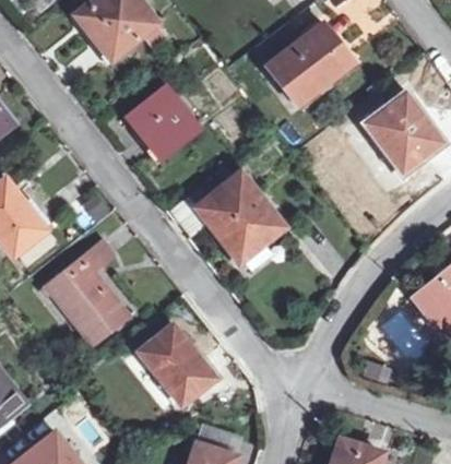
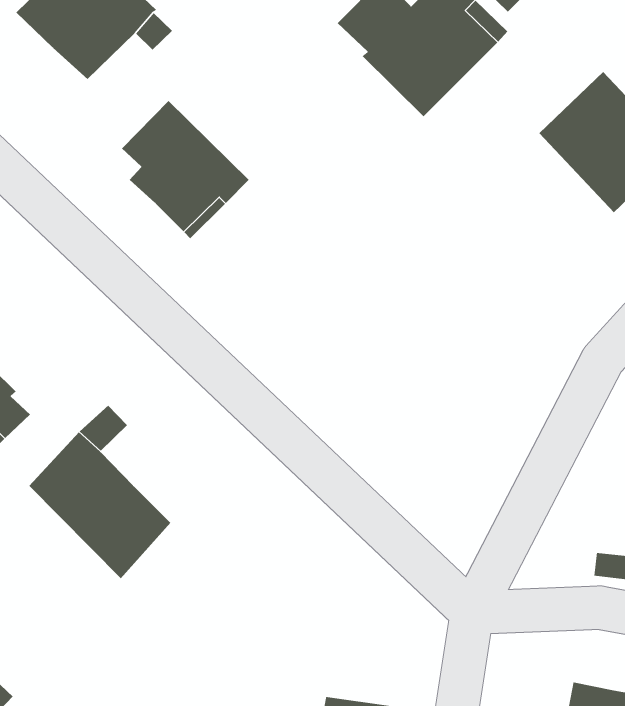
building: [199,174,283,260] -> none
building: [139,324,215,405] -> none

